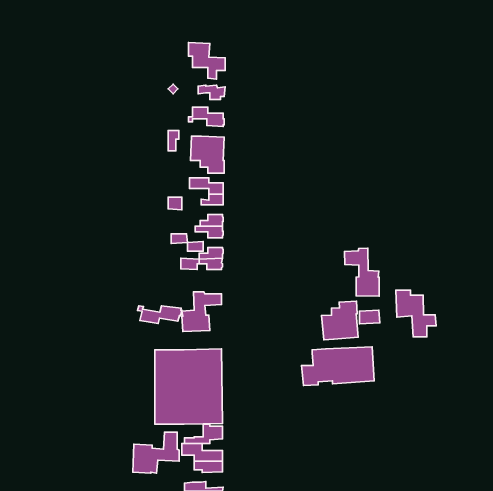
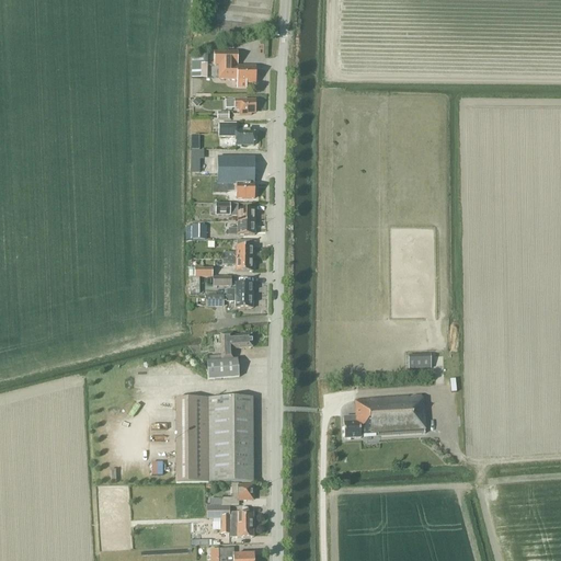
building: [344,248,379,296] -> none
building: [396,290,436,337] -> none
building: [321,301,358,340] -> none
building: [138,306,182,324] -> none
building: [133,432,179,473] -> none

